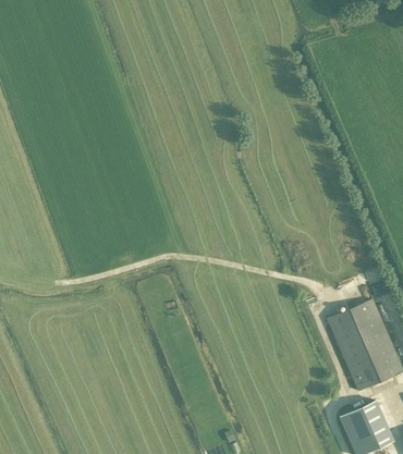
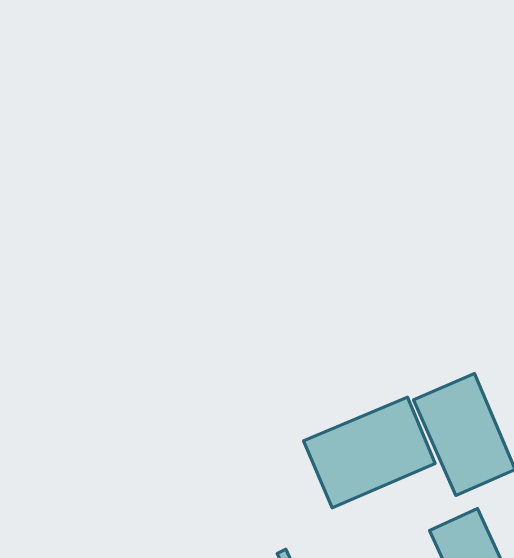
building: none -> [303,397,435,508]

